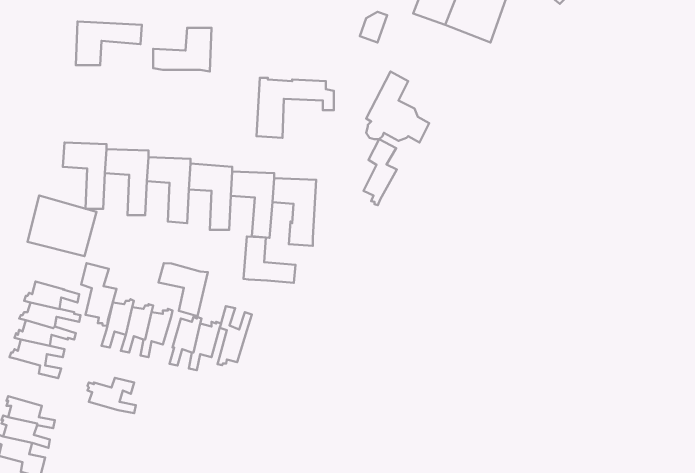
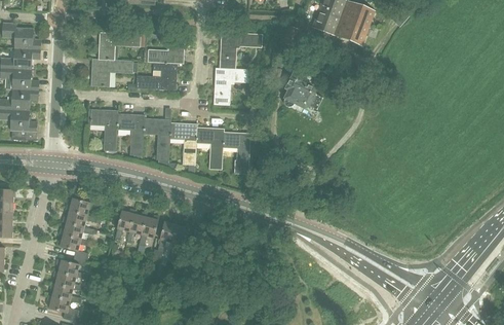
building: none -> [220,32,262,69]
building: none -> [90,58,132,85]
building: none -> [135,62,177,89]
building: [363,139,397,205] -> none
building: [28,195,97,256] -> none
building: [243,236,296,283] -> none
building: [159,263,208,316] -> none
building: [81,263,117,326] -> none
building: [218,306,252,365] -> none
building: [87,378,136,413] -> [56,255,87,278]

